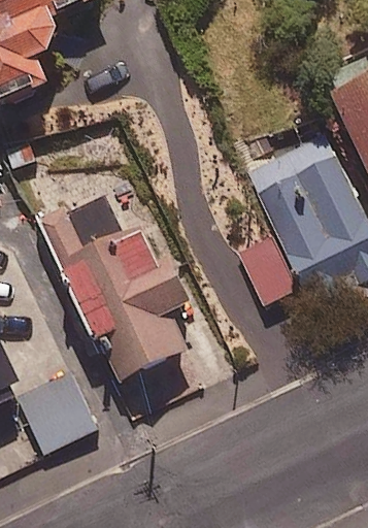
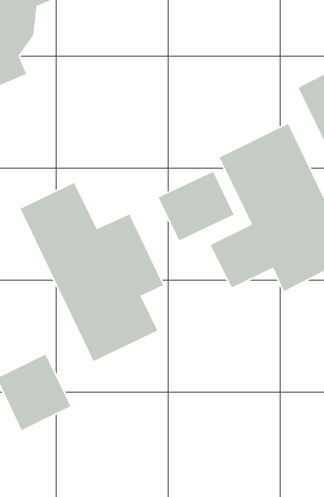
building: none -> [158,171,235,241]

